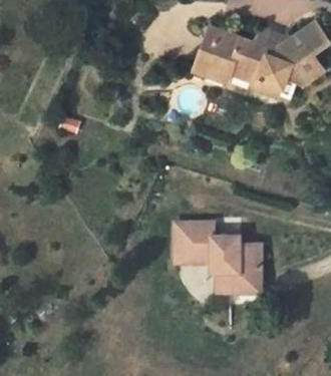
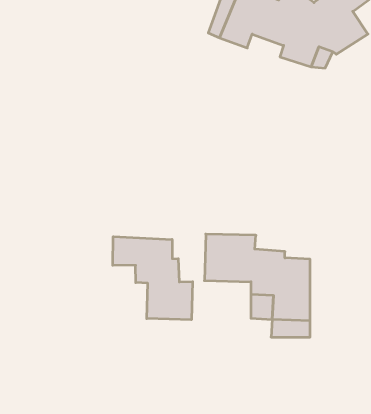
building: none -> [113,237,193,320]

